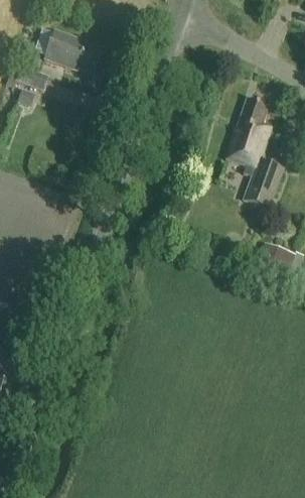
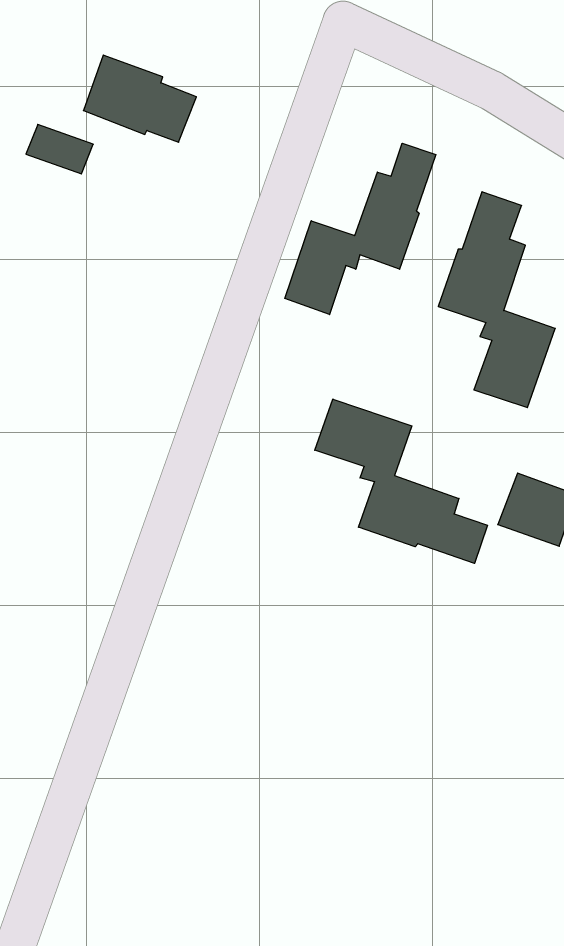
building: none -> [285,143,436,315]
building: none -> [315,399,488,563]

